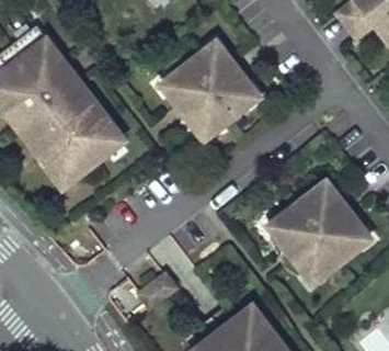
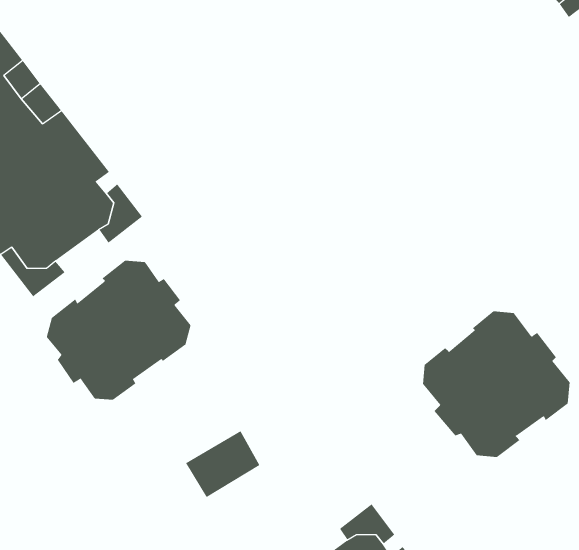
building: [161,49,245,134] -> none
building: none -> [46,260,191,401]

